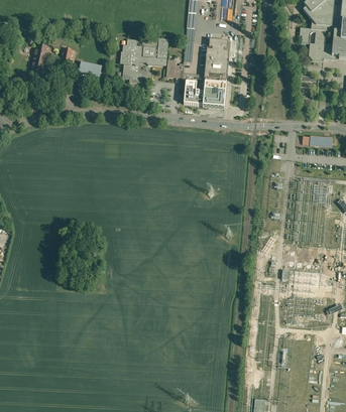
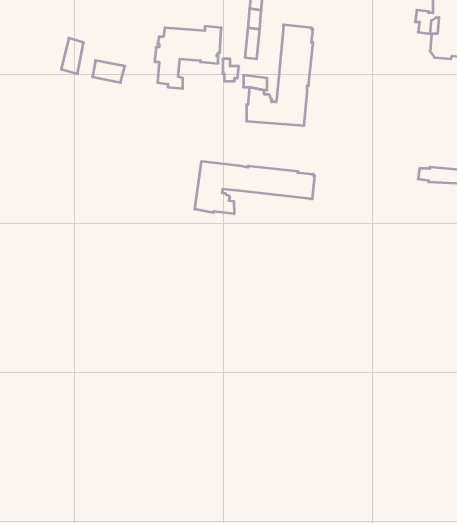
building: [31,43,50,75] -> none
building: none -> [195,161,315,214]

